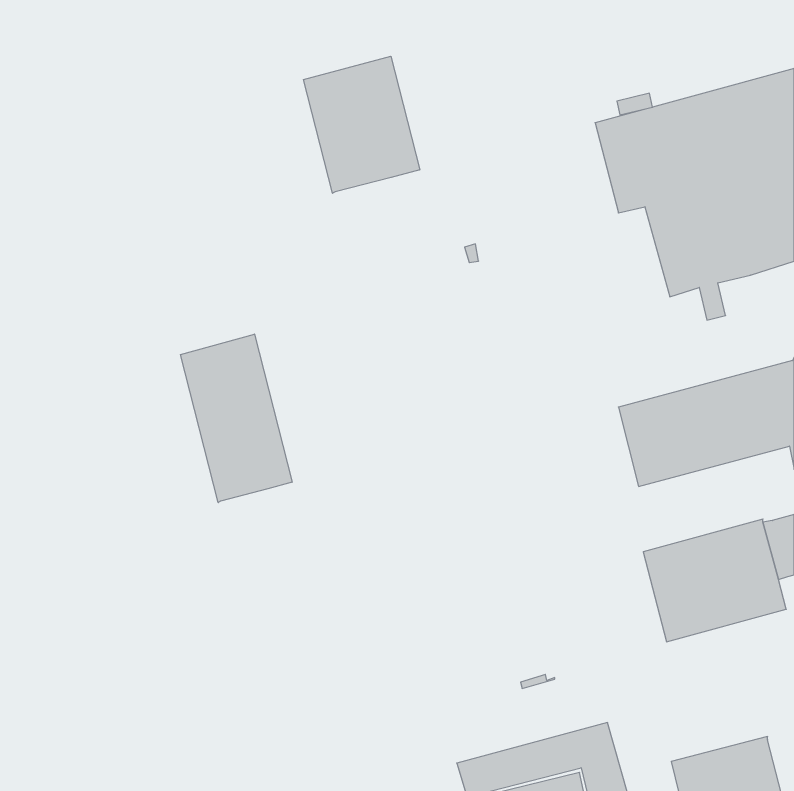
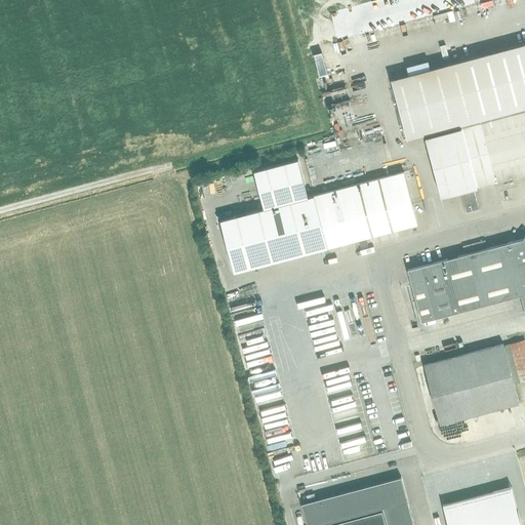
building: [304,56,420,193] -> none
building: none -> [220,161,417,274]
building: [181,334,292,503] -> none

